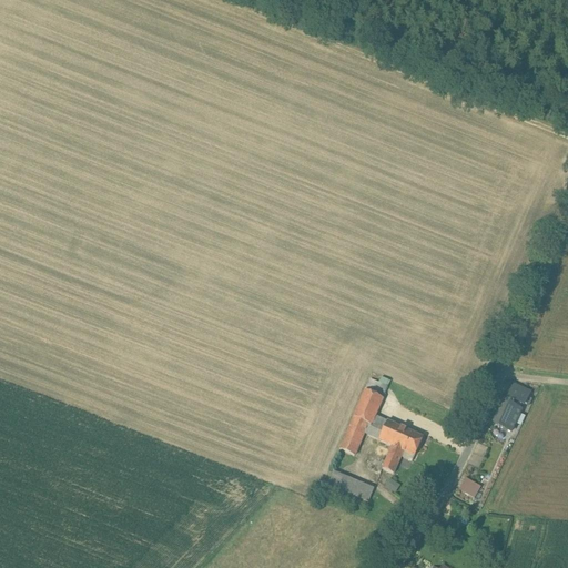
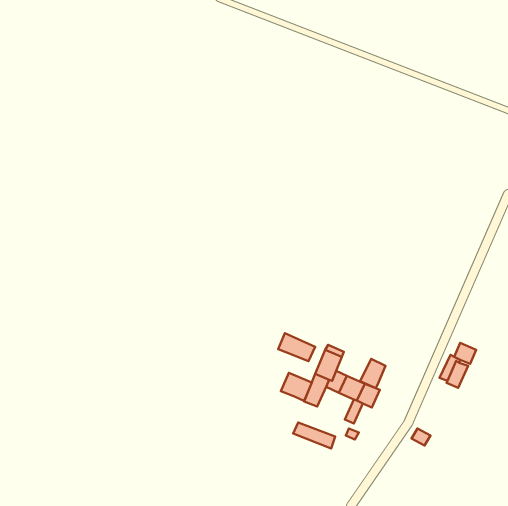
building: none -> [278,333,315,361]
building: none -> [360,359,385,388]
building: none -> [281,373,312,401]

